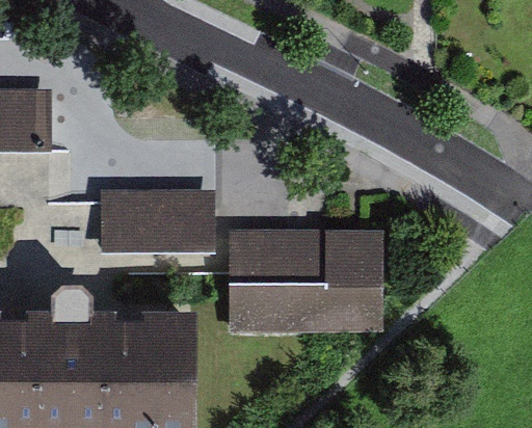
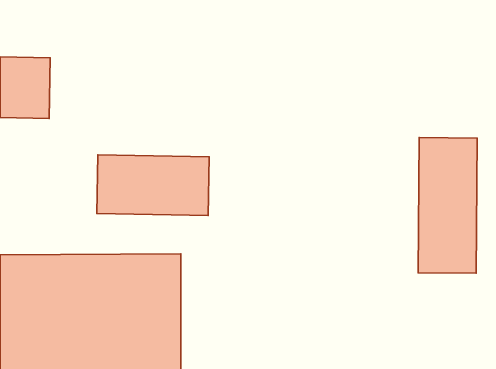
building: none -> [418,138,477,273]
building: [234,235,378,322] -> none

